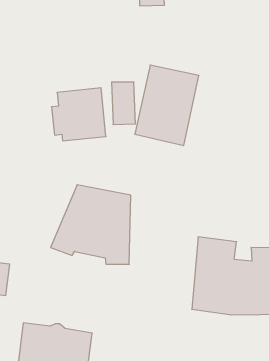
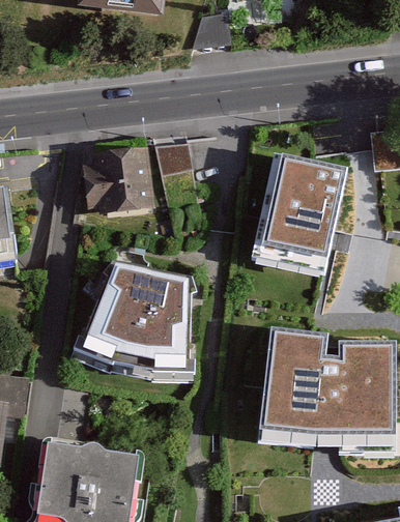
building: [135,65,199,145] -> [262,160,345,263]

